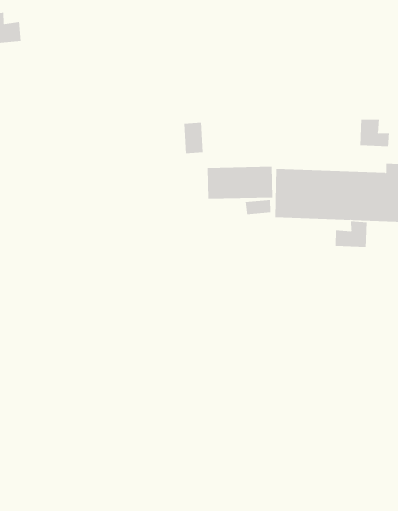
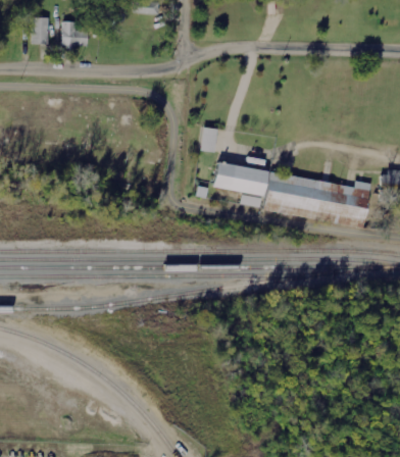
building: [360,119,390,147] -> none
building: [335,220,367,248] -> none

